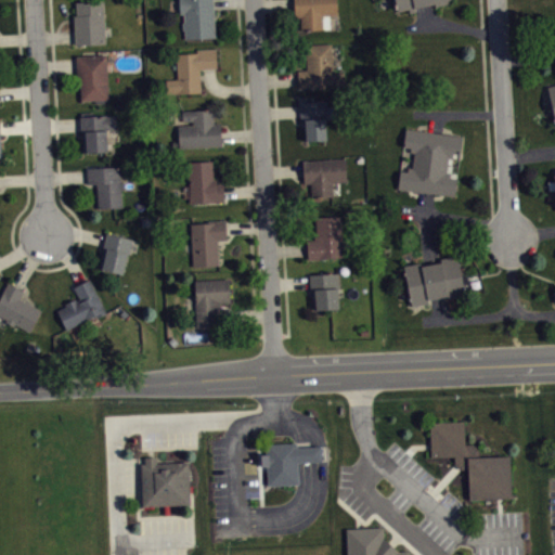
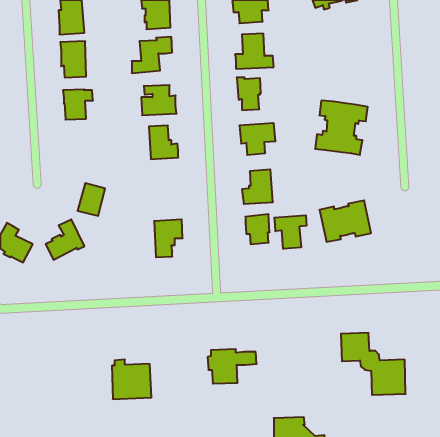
building: [87,167,125,209] -> none
building: [190,220,227,267] -> none
building: none -> [274,215,306,249]

